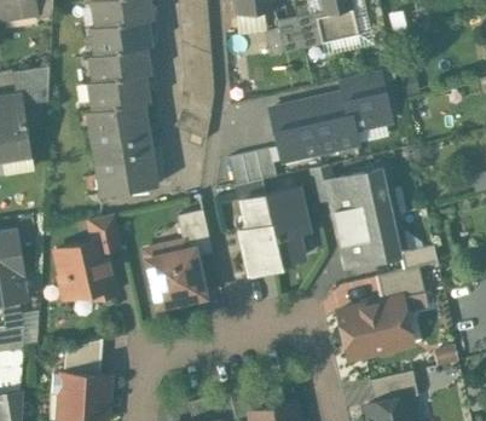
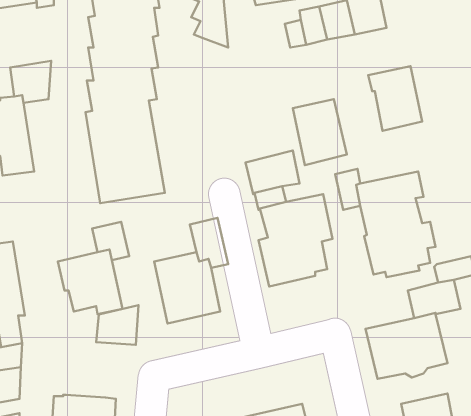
building: [177,47,214,142] -> none
building: [308,96,357,154] -> none
building: [63,340,102,376] -> [96,305,138,345]

